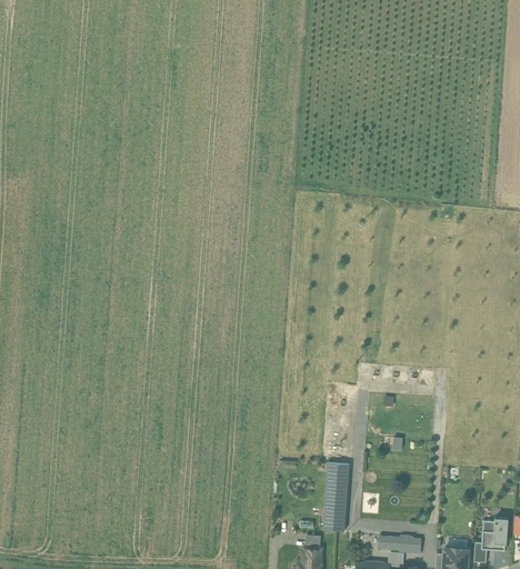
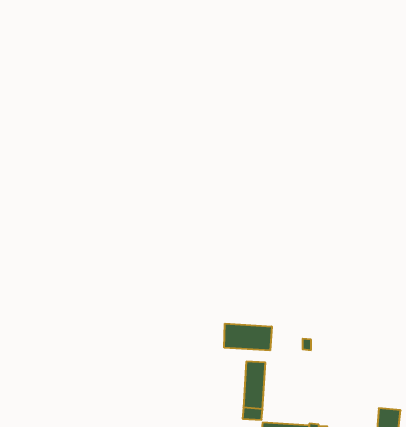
building: none -> [224,324,272,350]

